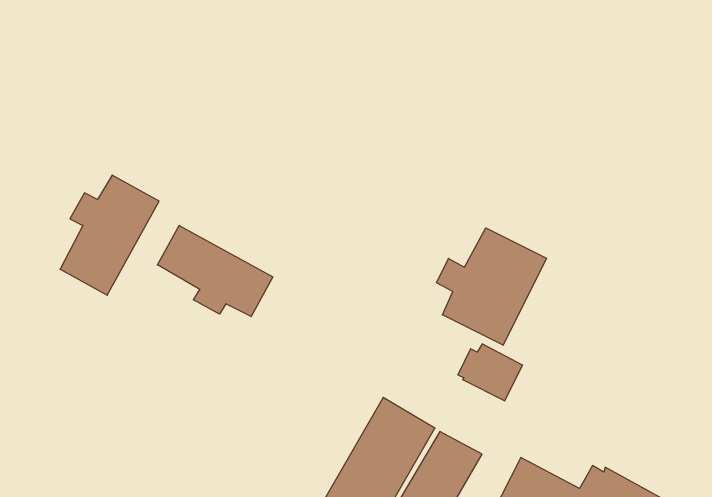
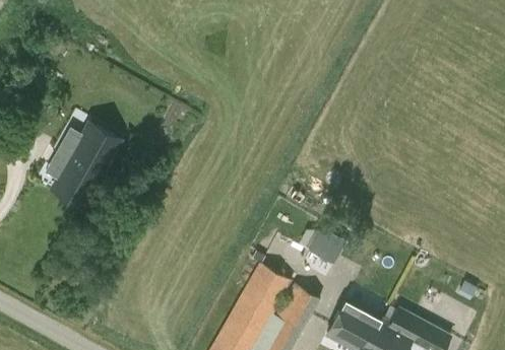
building: [157,225,273,317] -> none
building: [437,228,547,345] -> none

